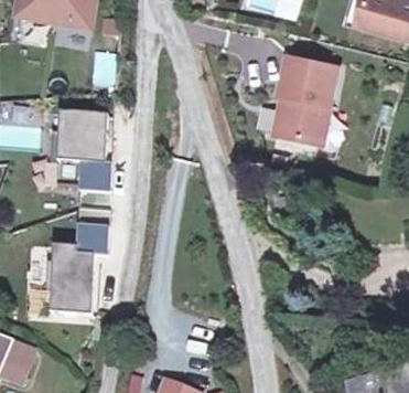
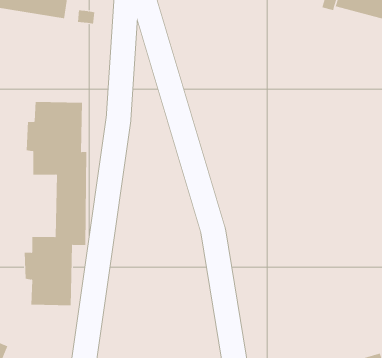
building: [271,53,332,140] -> none

